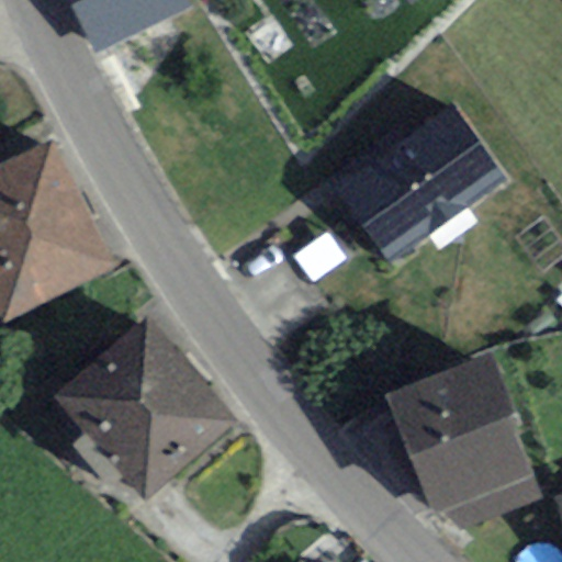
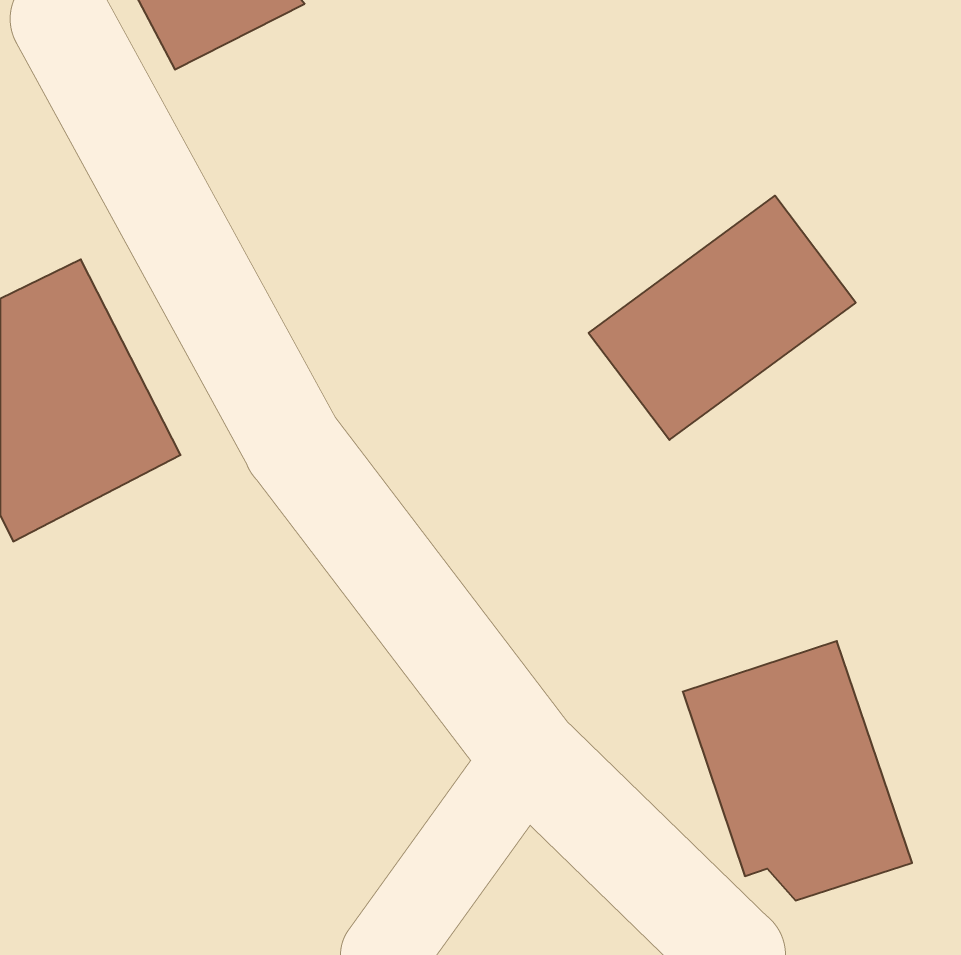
building: [65,330,228,495] -> none

